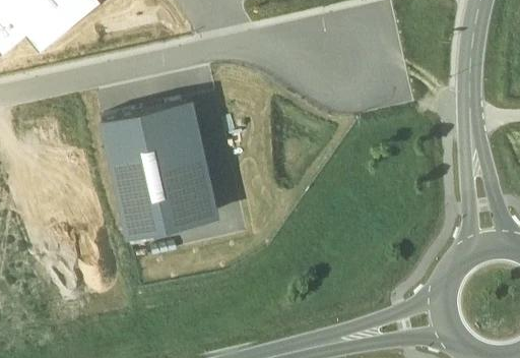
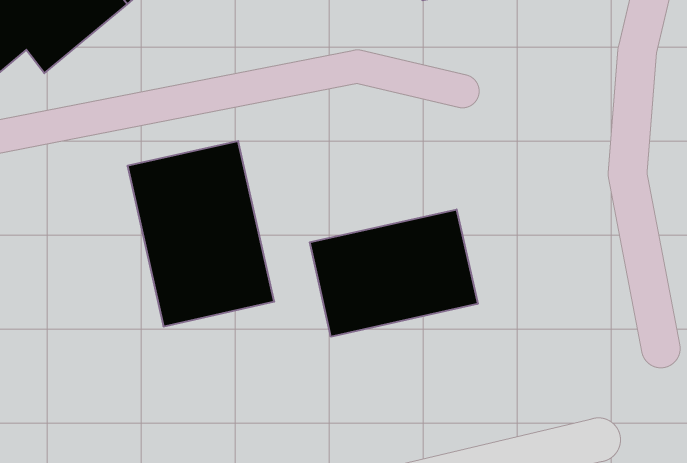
building: none -> [310,209,478,337]

